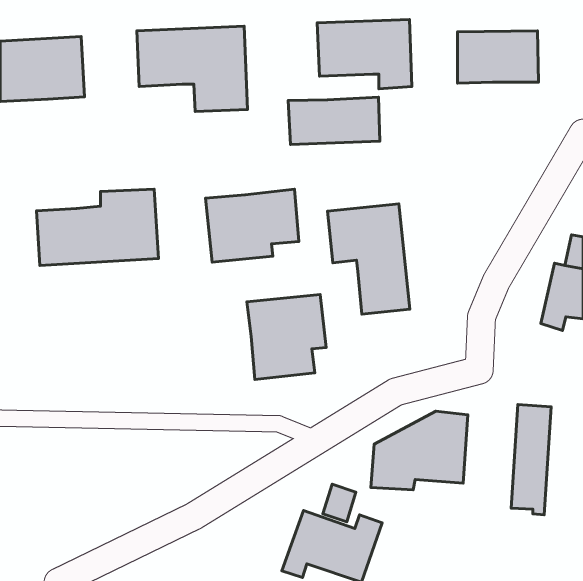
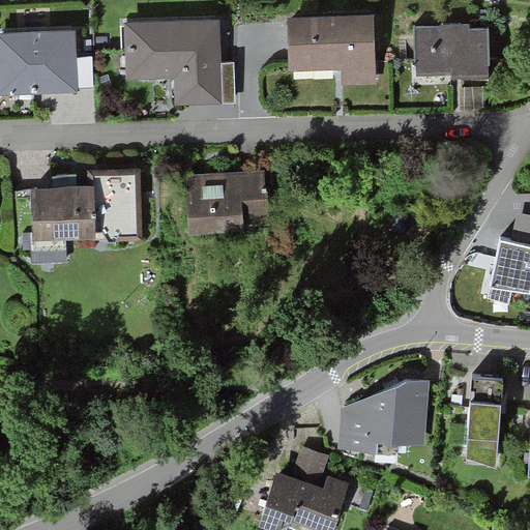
building: [288,97,380,144] -> none
building: [328,204,410,314] -> none
building: [247,295,326,380] -> none

